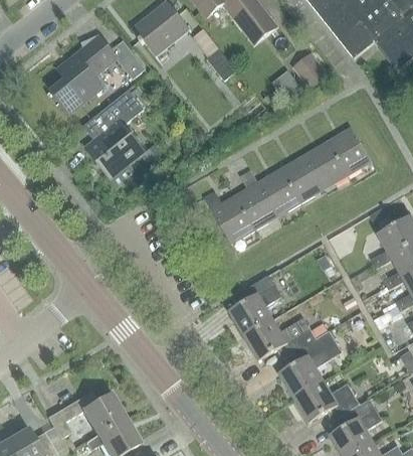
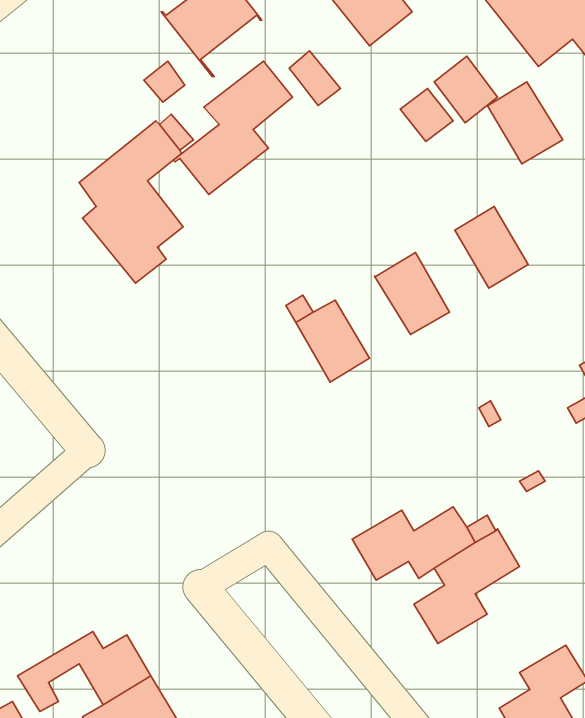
building: [47,35,118,114] -> [173,61,293,194]
building: [328,126,372,174] -> [488,82,563,164]
building: [281,154,325,202] -> none
building: [234,169,278,230] -> none
building: [230,275,281,336] -> none
building: [294,381,360,422] -> none

